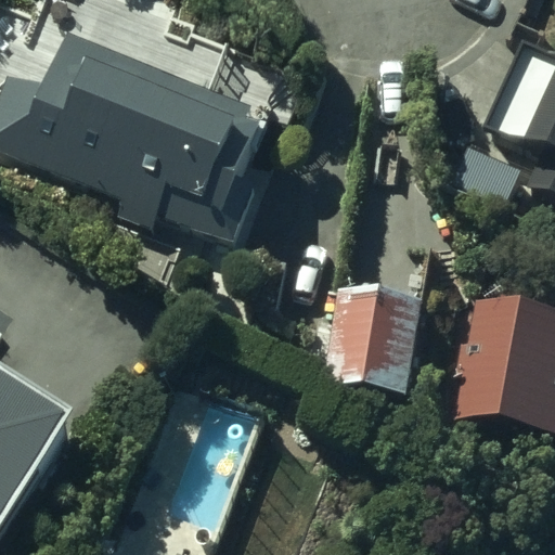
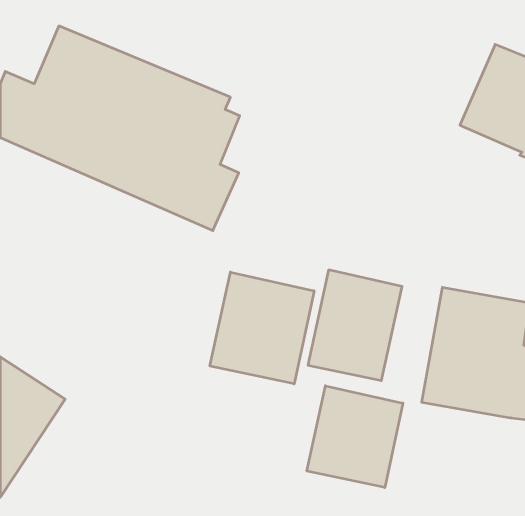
building: none -> [210,272,314,384]
building: none -> [307,386,403,488]

